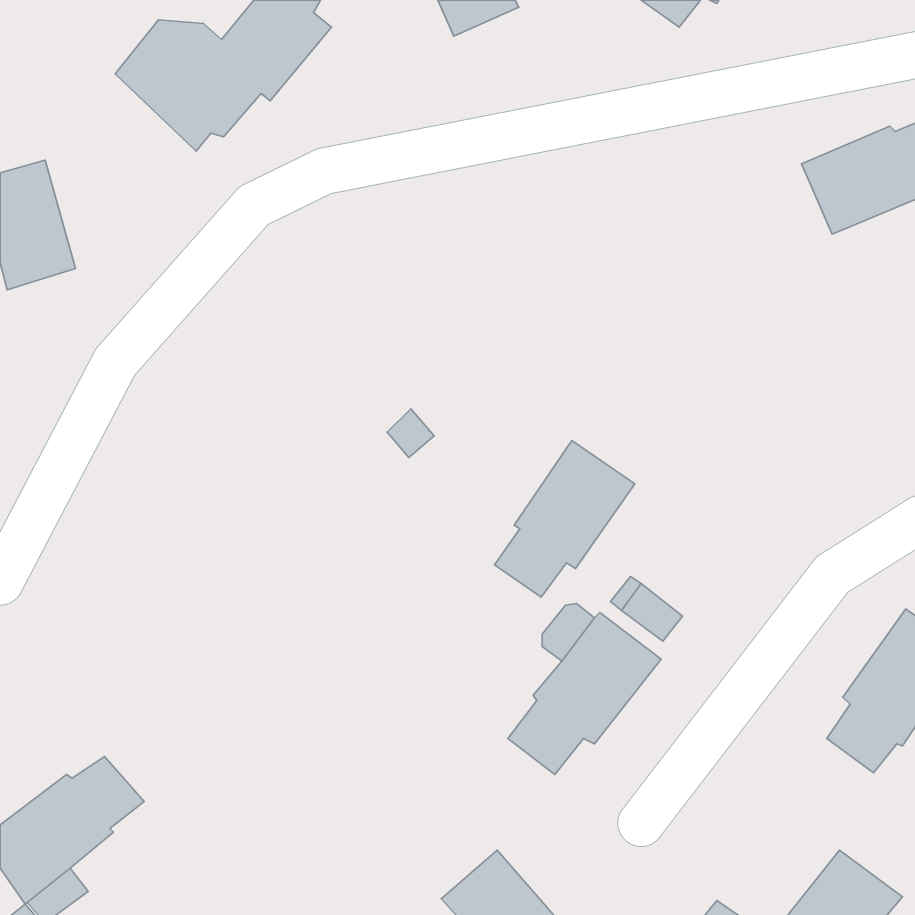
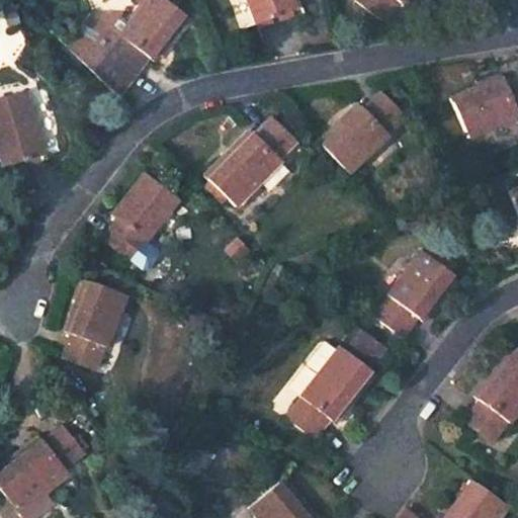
building: none -> [322,91,404,172]
building: none -> [208,115,296,203]
building: none -> [102,173,177,259]
building: [494,440,635,597] -> [376,249,455,337]
building: none -> [64,283,124,370]

